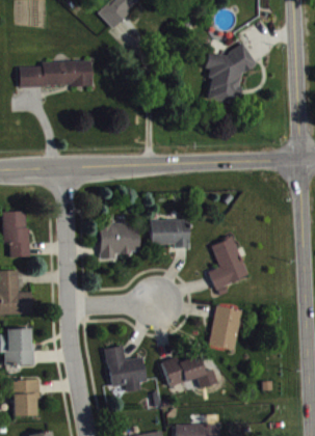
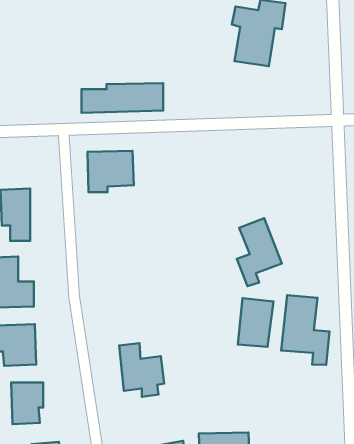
building: [20,61,91,87] -> [81,83,163,113]
building: [151,219,189,248] -> none
building: [99,222,139,258] -> [87,151,134,192]
building: none -> [281,295,330,365]
building: [161,355,205,386] -> none

